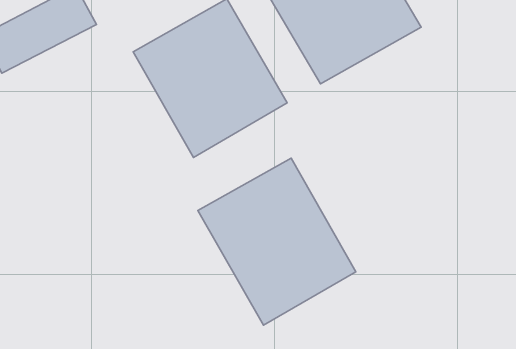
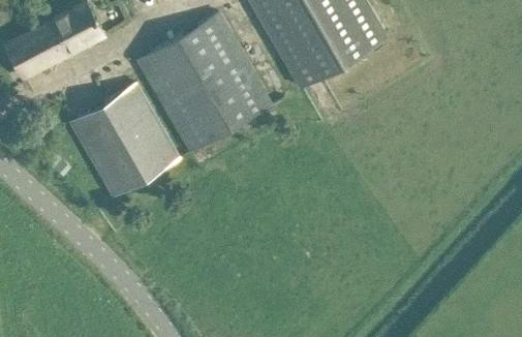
building: none -> [70,85,180,196]
building: [198,158,356,325] -> none

